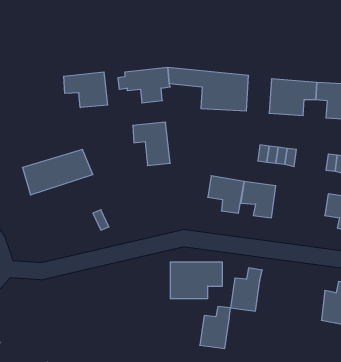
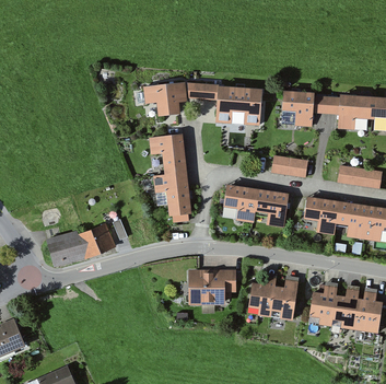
building: [64,72,107,108] -> none
building: [22,149,93,195] -> [47,221,115,265]
building: none -> [154,173,191,220]
building: none -> [304,198,339,233]
building: none -> [308,283,338,324]
building: [200,307,230,349] -> [269,278,299,318]

